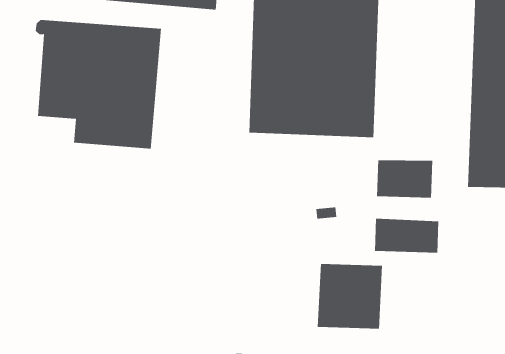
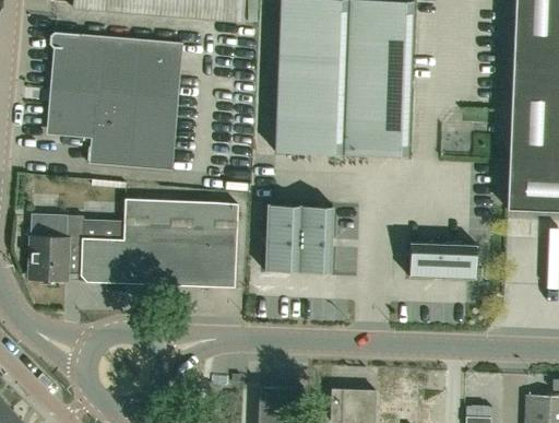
building: [377,159,433,199] -> none
building: none -> [33,199,238,286]
building: [317,263,383,329] -> [264,203,334,273]

